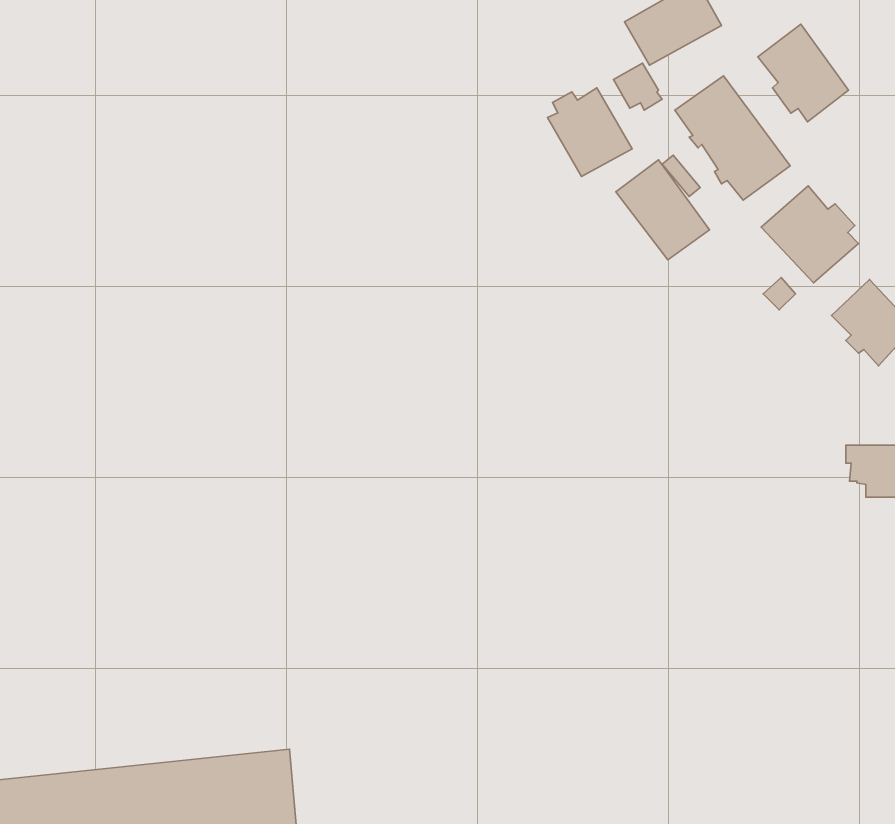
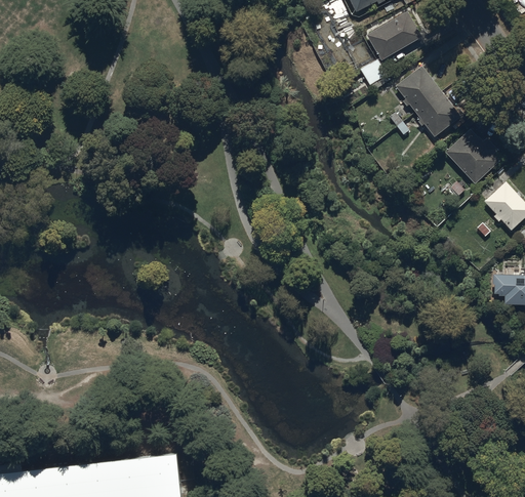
building: [758,24,849,122] -> none
building: [548,88,632,176] -> none
building: [616,160,710,260] -> none

